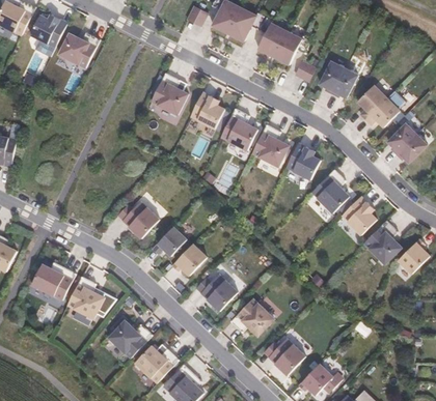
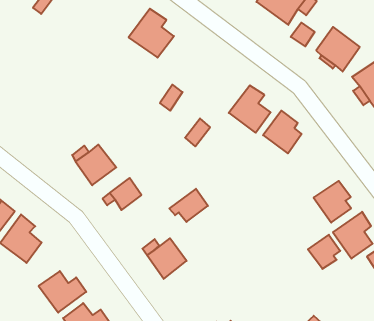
building: [190,92,224,130] -> none
building: [220,109,257,151] -> none
building: [311,170,349,213] -> none
building: [171,245,206,276] -> [169,189,208,222]
building: none -> [308,235,340,269]
building: [230,298,274,337] -> none

